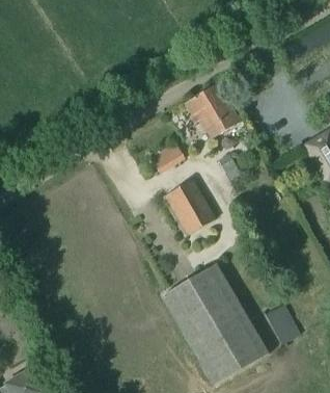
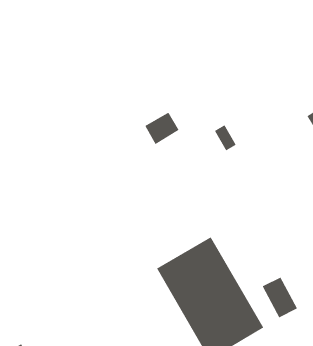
building: [185,83,242,138] -> none
building: [163,180,215,236] -> none

